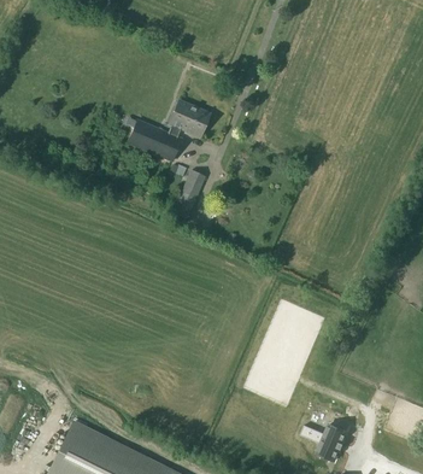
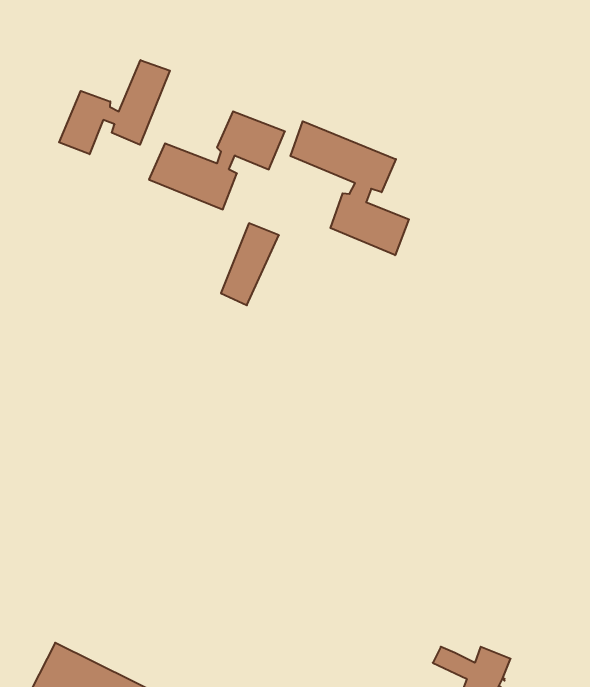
building: none -> [59,60,170,154]
building: none -> [290,121,409,255]

